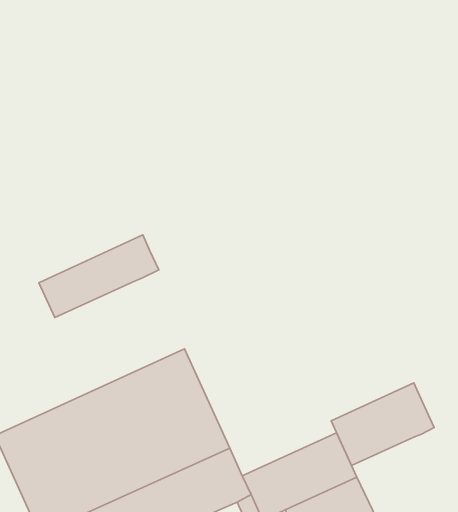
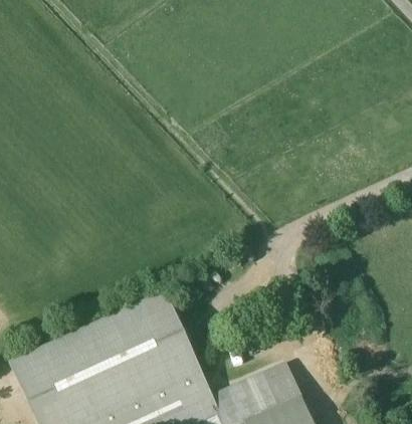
building: [39,235,159,318] -> none
building: [331,383,434,466] -> none

